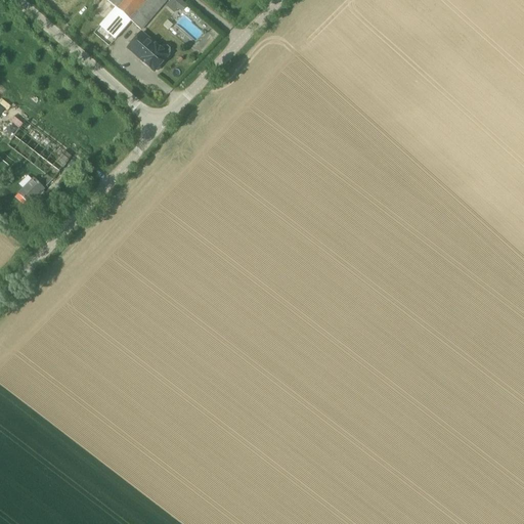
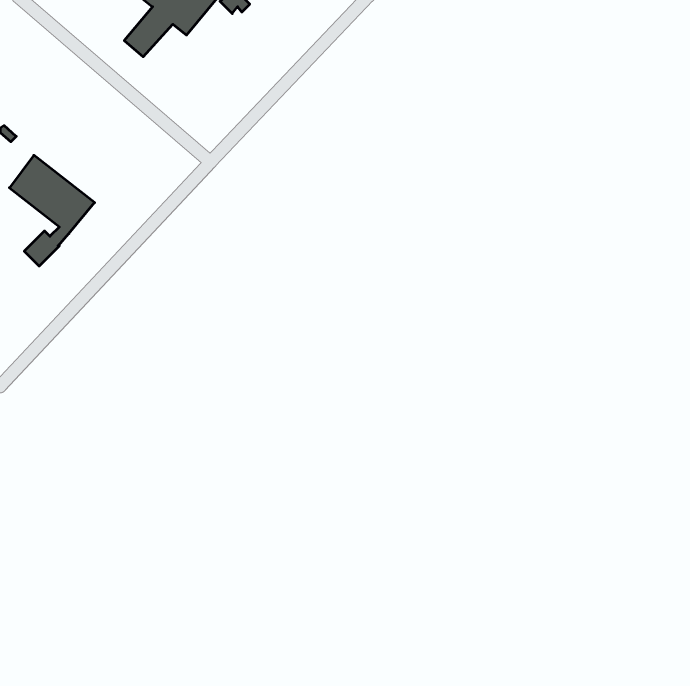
building: [128,31,171,69] -> none

